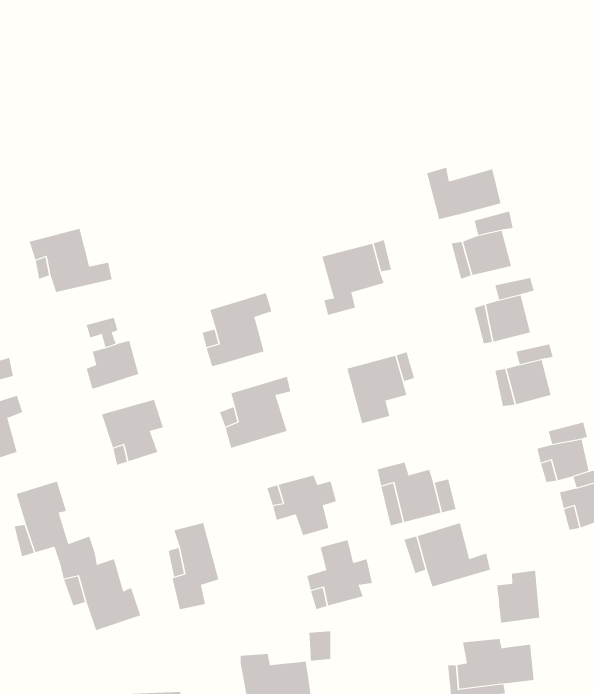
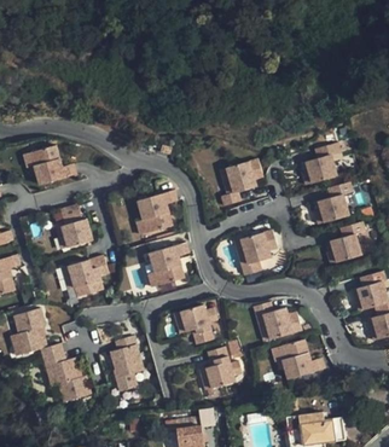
building: [426,167,501,220] -> none
building: [497,570,540,623] -> none

